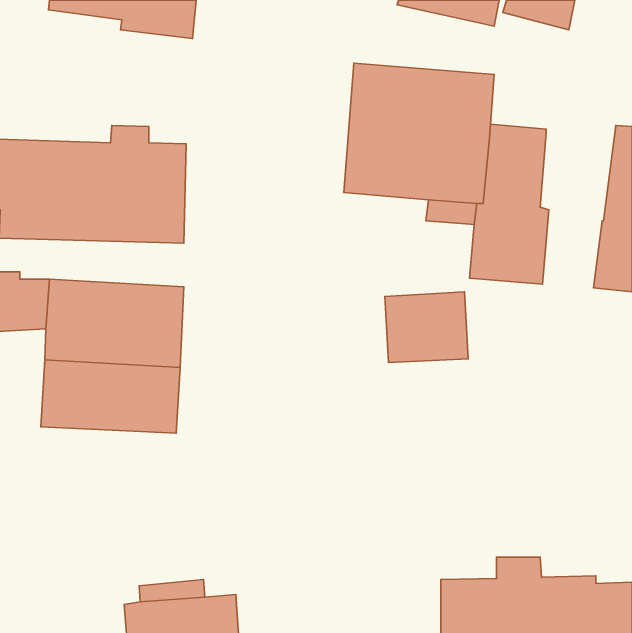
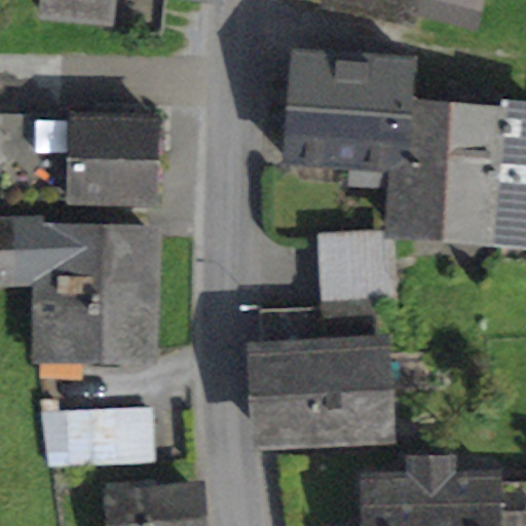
building: none -> [447,103,510,239]
building: none -> [256,306,383,437]
building: none -> [47,411,149,468]

